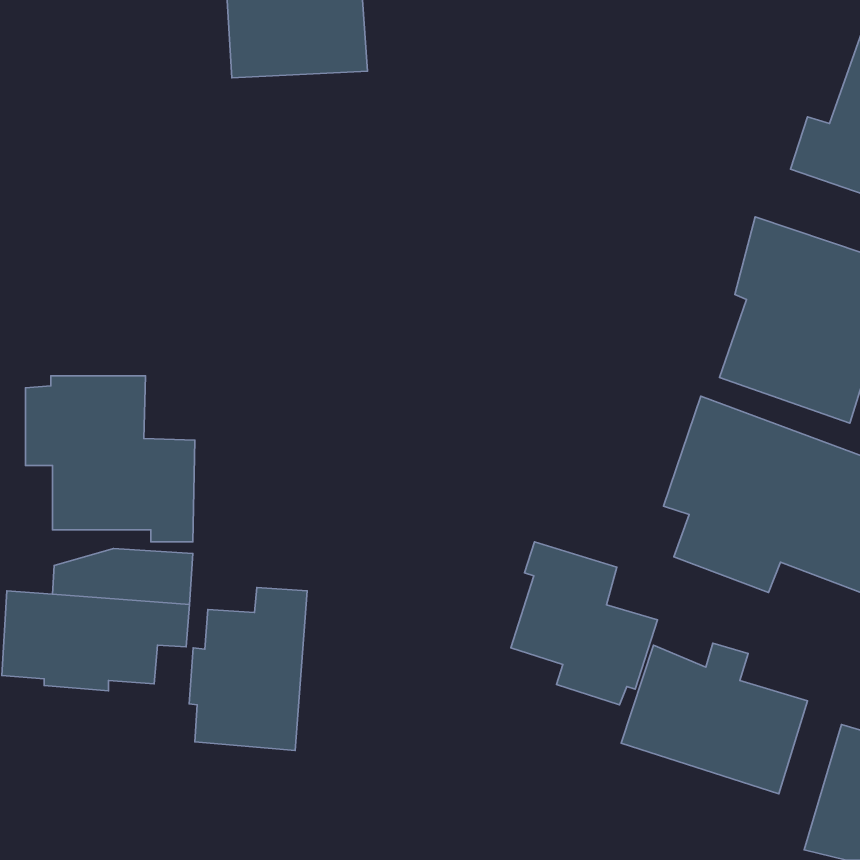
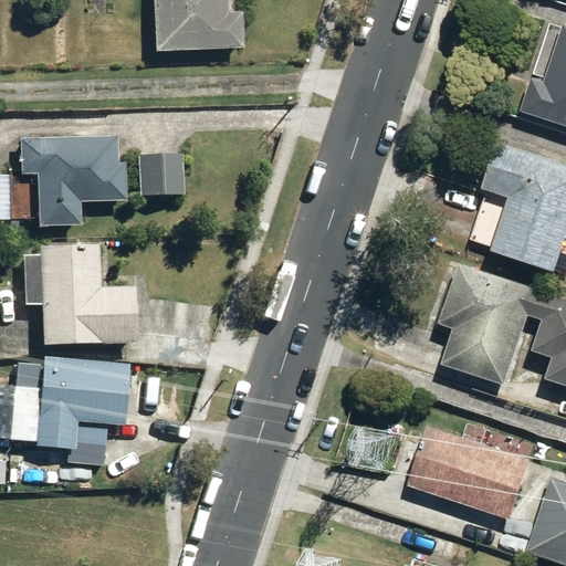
building: none -> [15,137,125,226]
building: none -> [136,157,185,198]
building: [511,542,657,705] -> none
building: [189,587,307,750] -> none

